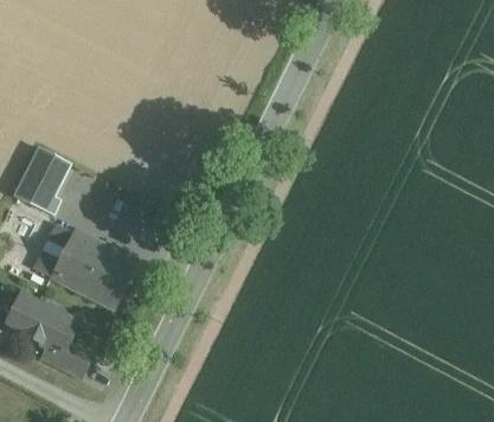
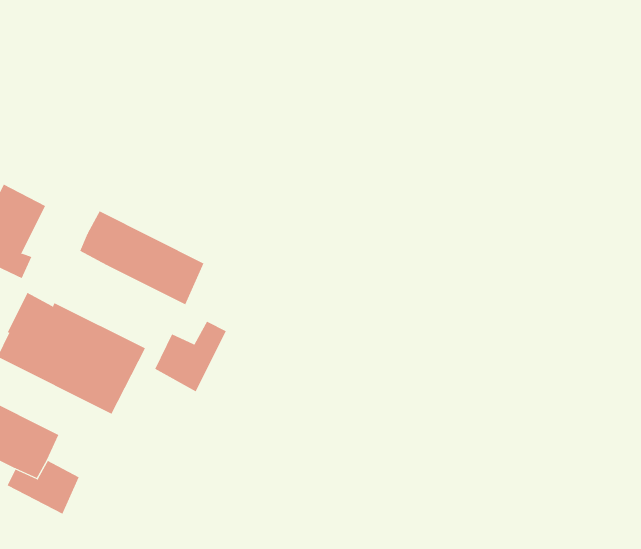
building: none -> [79,211,204,305]
building: none -> [154,321,226,392]

